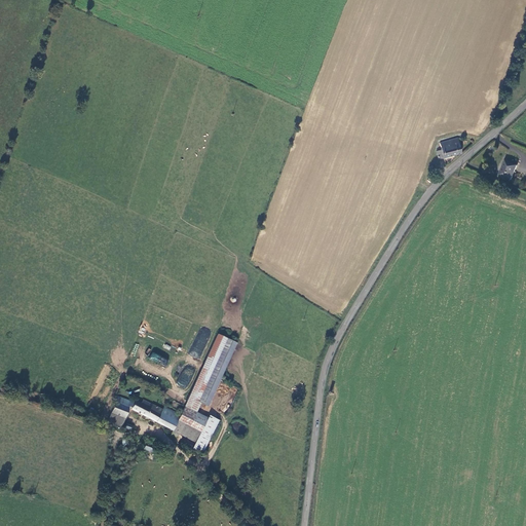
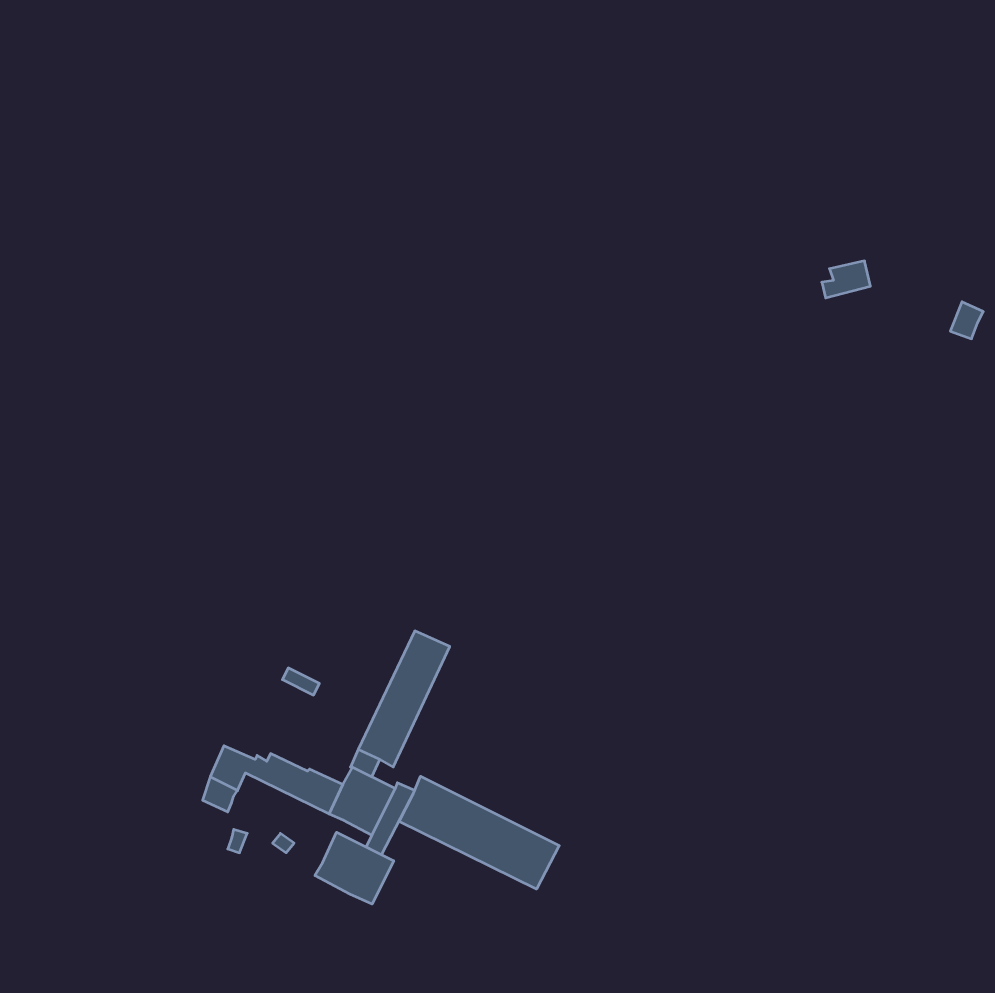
building: none -> [399,776,559,889]
building: none -> [315,832,394,904]

